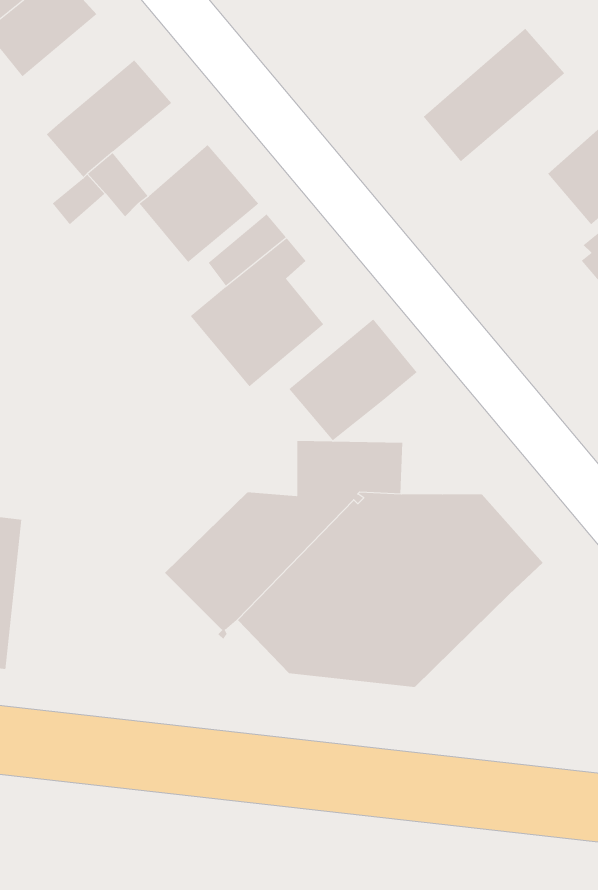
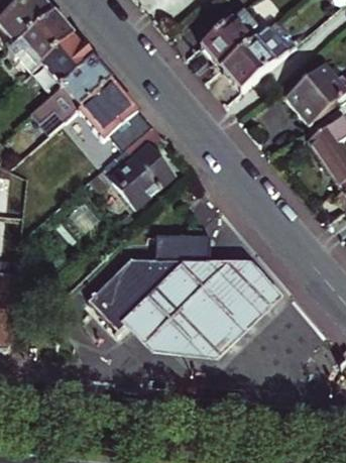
building: none -> [11,14,76,70]
building: none -> [203,16,254,67]
building: none -> [65,60,113,107]
building: [289,318,418,441] -> none

